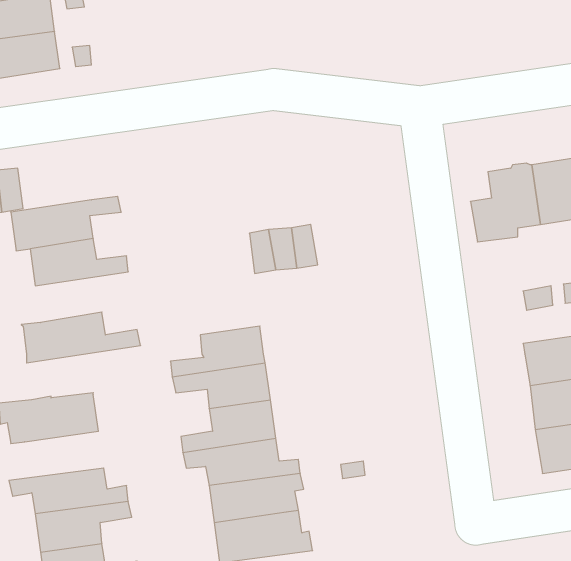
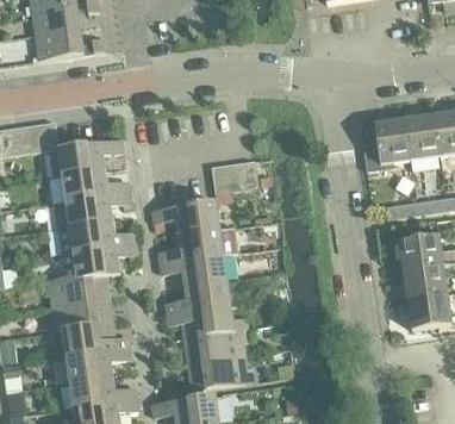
building: none -> [55,192,132,227]
building: none -> [152,202,219,235]
building: none -> [61,242,139,279]
building: none -> [48,300,113,333]

